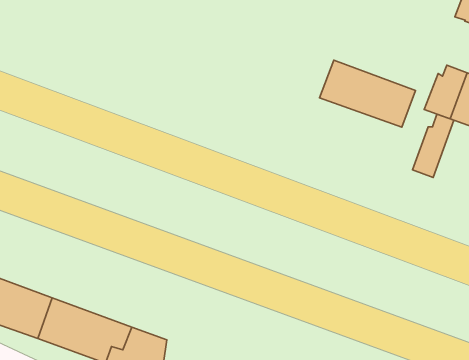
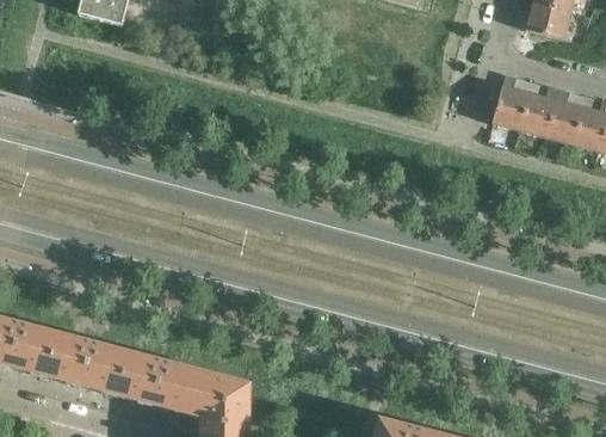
building: [320,60,415,127] -> none
building: [412,114,454,177] -> none

